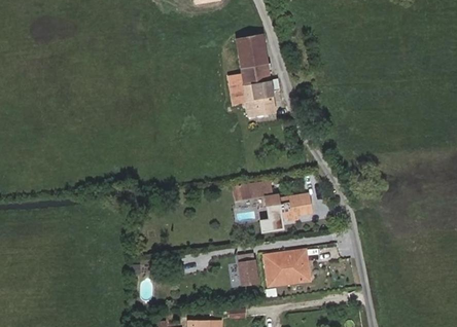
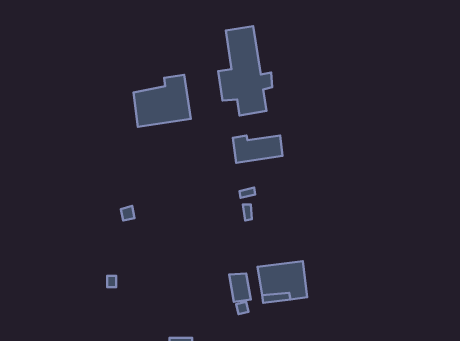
building: none -> [134,75,191,127]
building: [266,195,311,220] -> [233,136,283,163]

